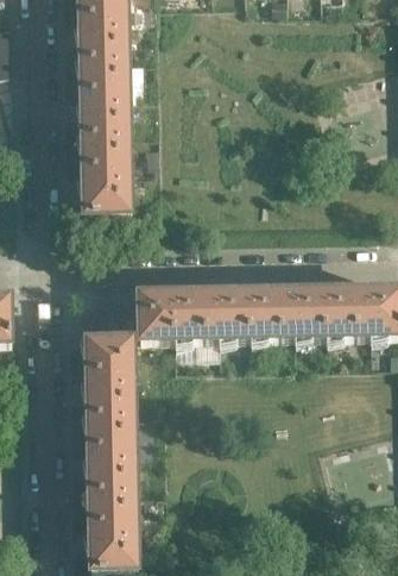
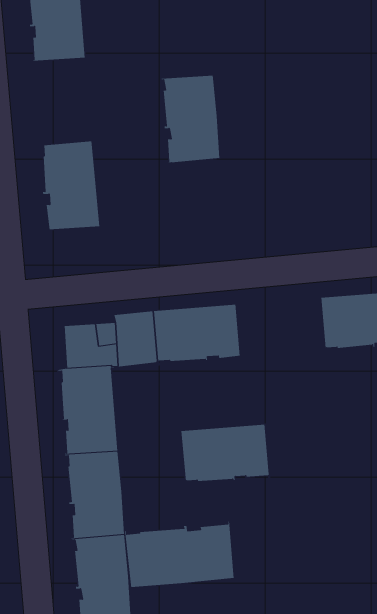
building: [80,57,128,133] -> [161,75,220,163]
building: [248,286,326,336] -> [181,424,270,485]
building: none -> [125,521,234,588]

